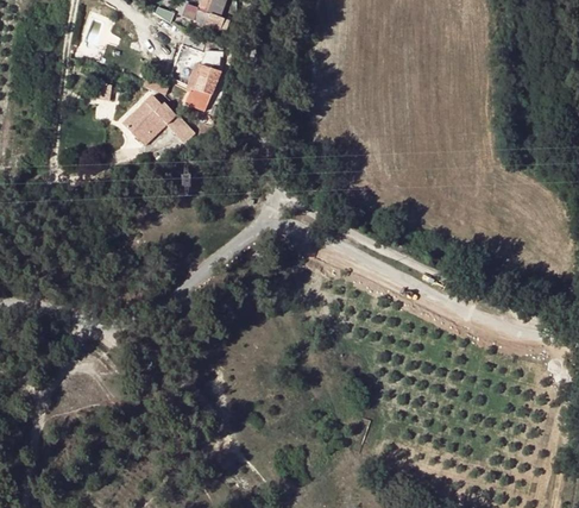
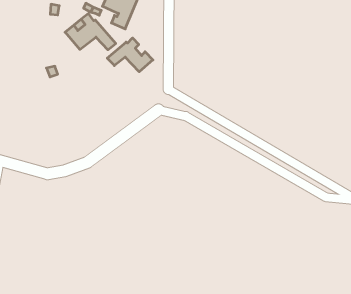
building: none -> [107,38,153,72]

